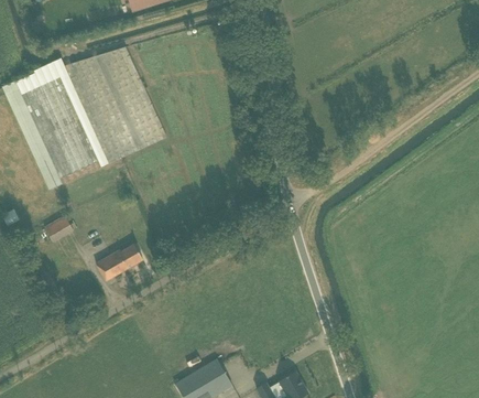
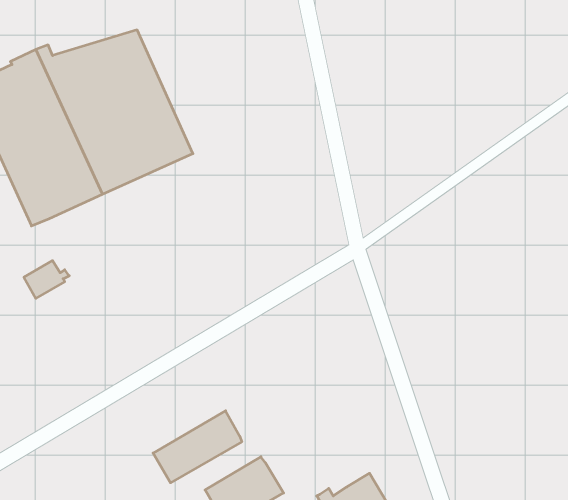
building: [97,244,144,280] -> none
building: none -> [153,411,242,483]

